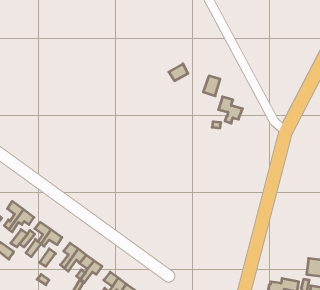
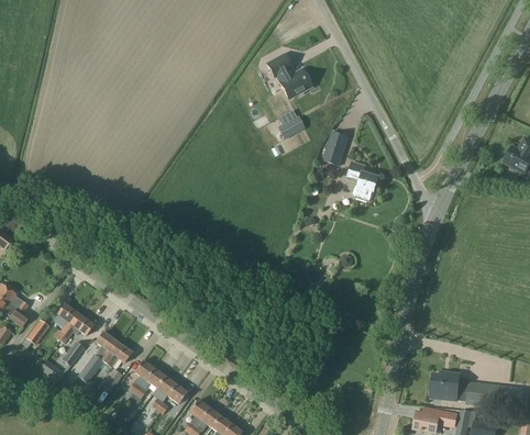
building: none -> [266,52,311,99]
building: none -> [430,372,470,400]

